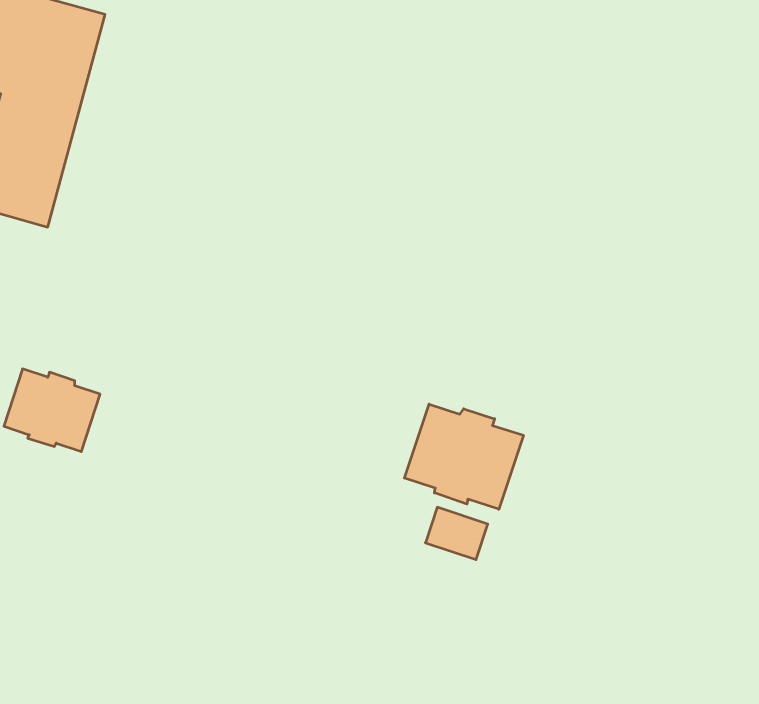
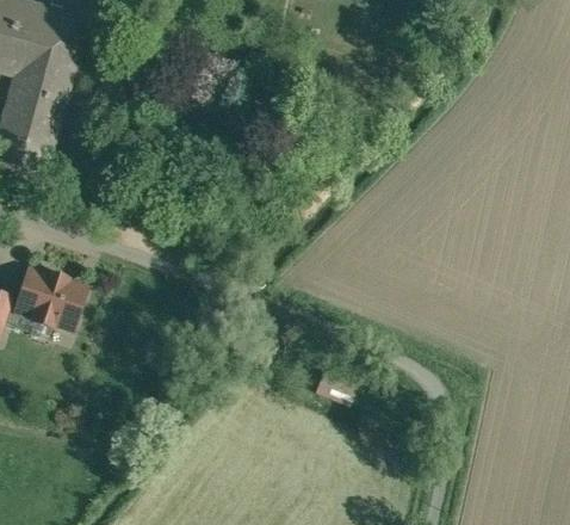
building: [404,404,523,509] -> none

